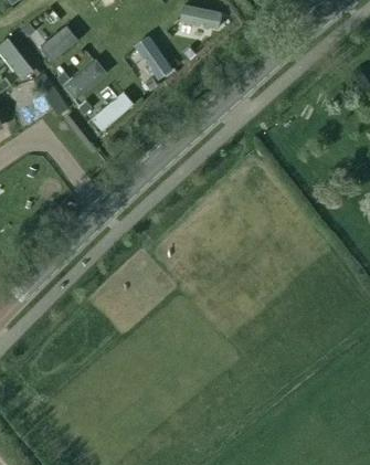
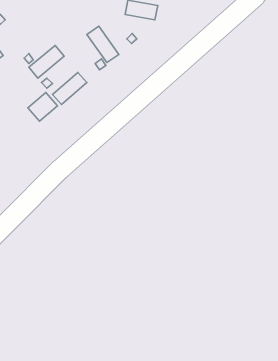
building: [40,28,76,62] -> none
building: none -> [28,92,57,121]

